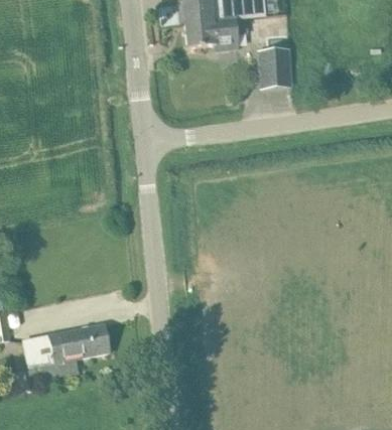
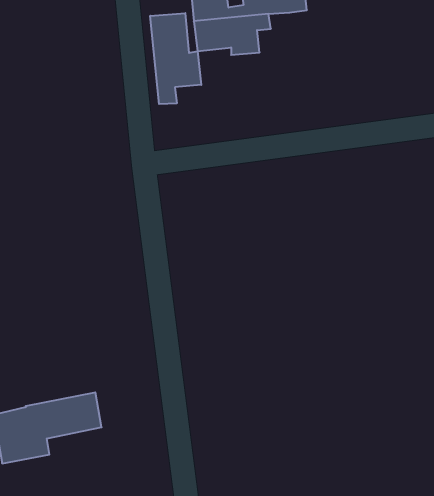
building: none -> [150,13,201,104]
building: [261,49,288,85] -> none

